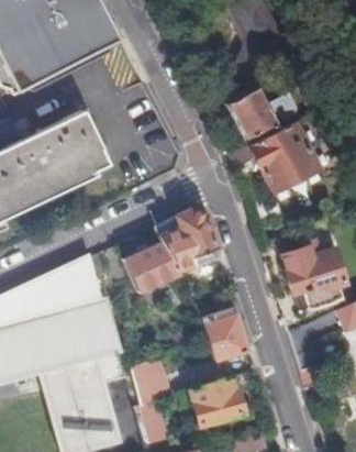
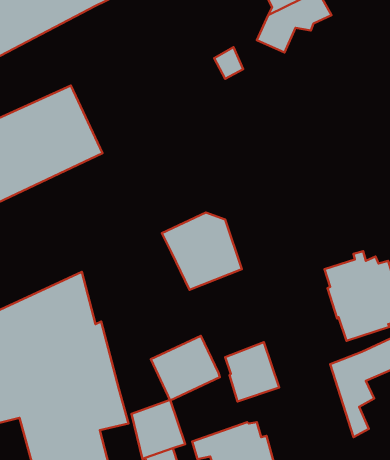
building: [226,88,298,140] -> none
building: [233,113,321,191] -> none
building: [122,242,177,294] -> [151,336,220,401]

